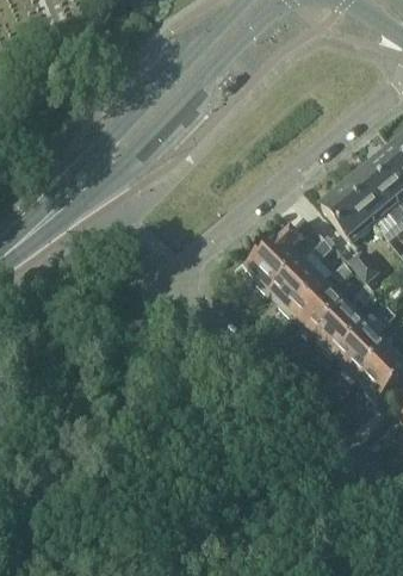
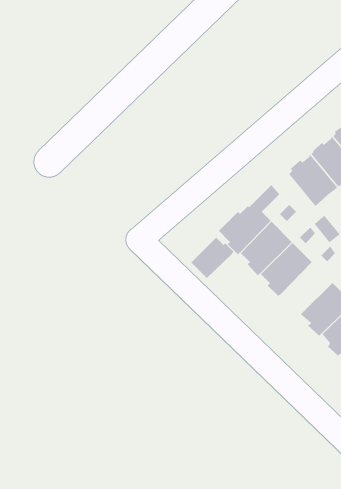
building: none -> [191,237,234,279]
building: [314,298,368,357] -> none

